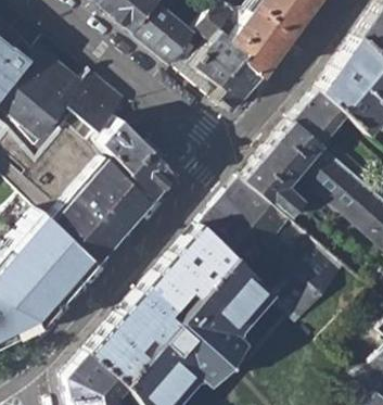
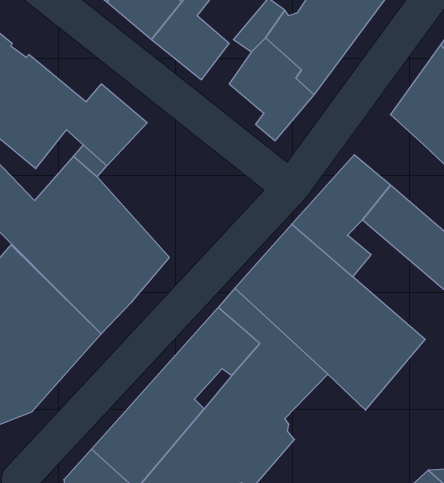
building: [293,93,347,149] -> none
building: [103,124,175,201] -> none

